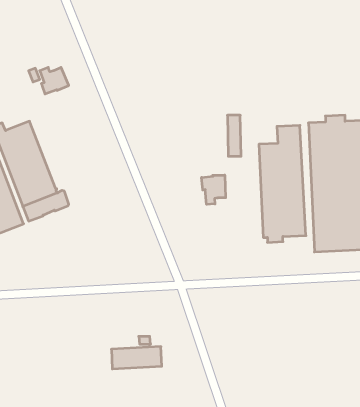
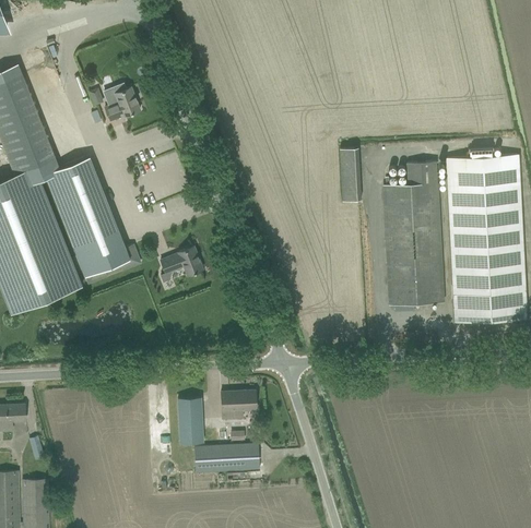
building: [202,175,226,204] -> none
building: none -> [161,247,202,276]
building: none -> [221,391,256,417]
building: none -> [178,398,202,444]

